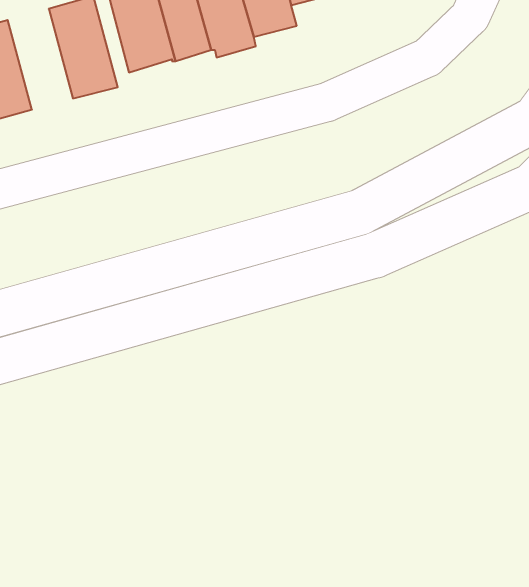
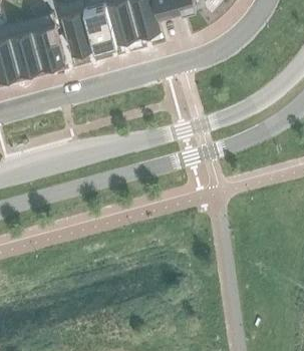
building: none -> [5,20,41,78]

